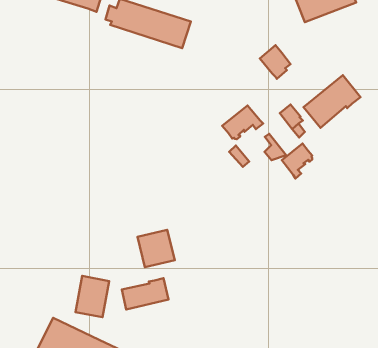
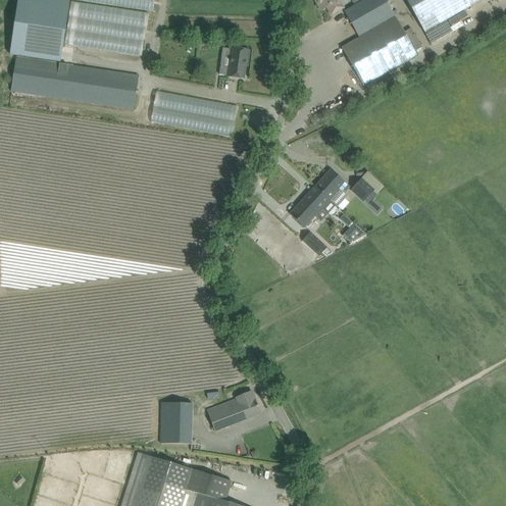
building: [260,45,290,79] -> [315,169,350,206]
building: [303,75,361,128] -> none
building: [282,144,312,178] -> none
building: [137,230,175,267] -> none

